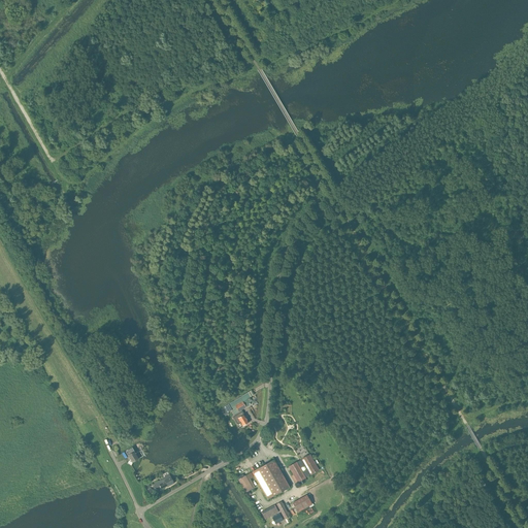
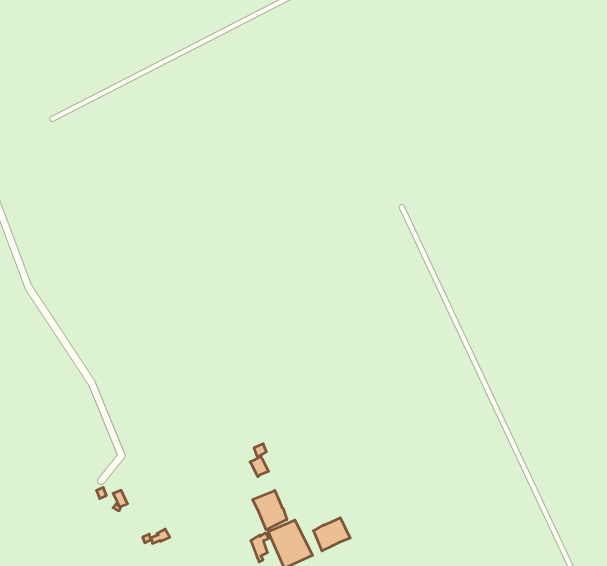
building: none -> [253,490,287,530]

